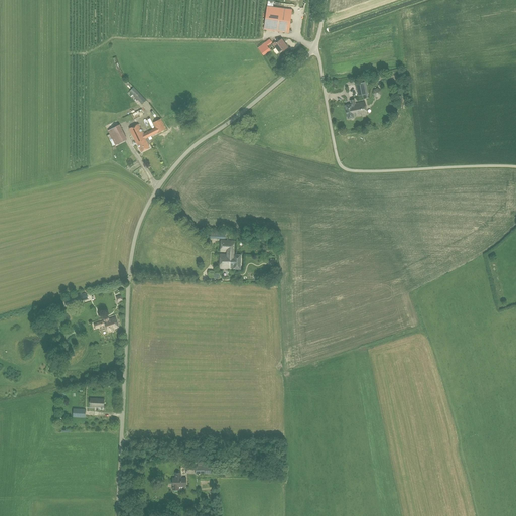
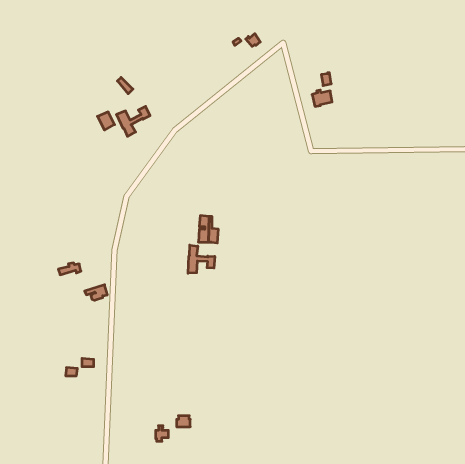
building: [264,5,292,32] -> none
building: none -> [188,245,215,273]

